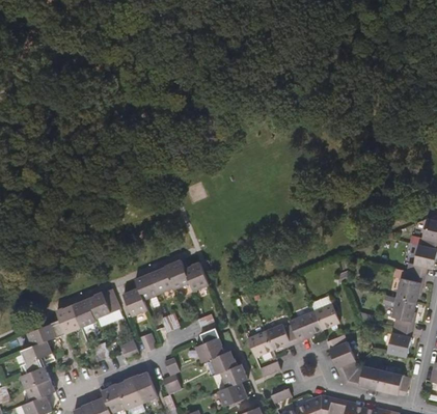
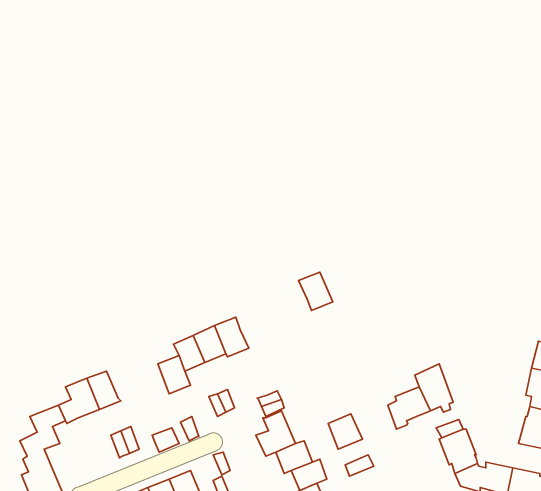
building: [183,264,208,292] -> [299,272,333,310]
building: [85,289,115,320] -> none
building: [264,325,297,350] -> none

